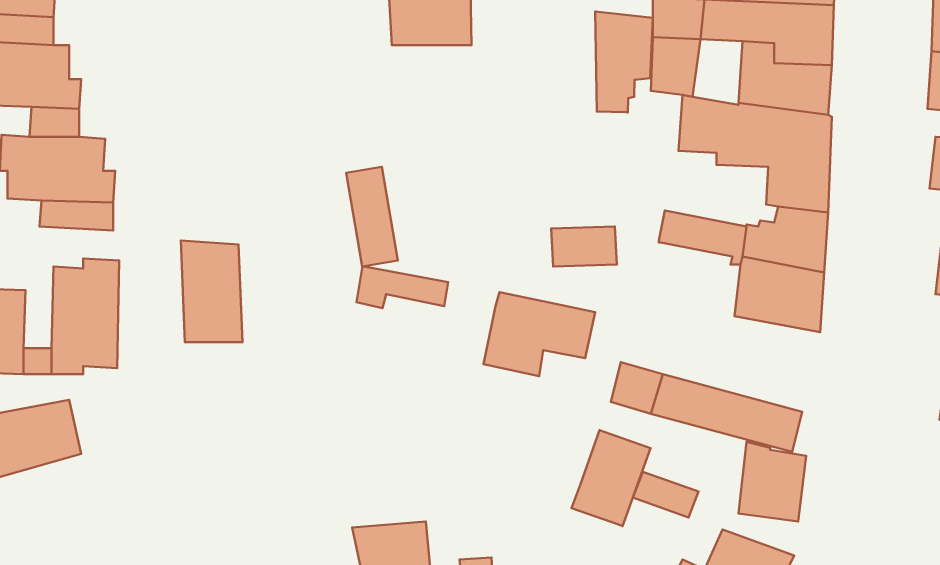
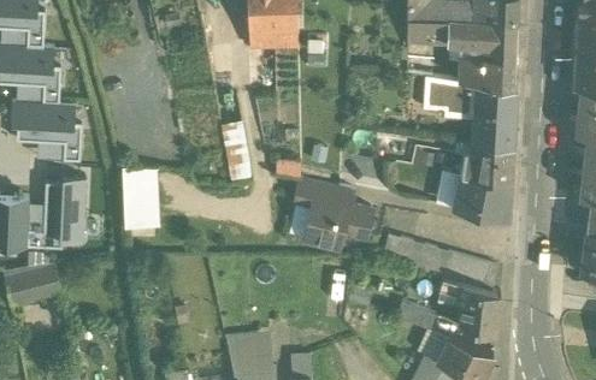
building: [595,12,653,113] -> none
building: [356,266,448,308] -> [296,179,352,204]
building: [571,430,650,526] -> none

